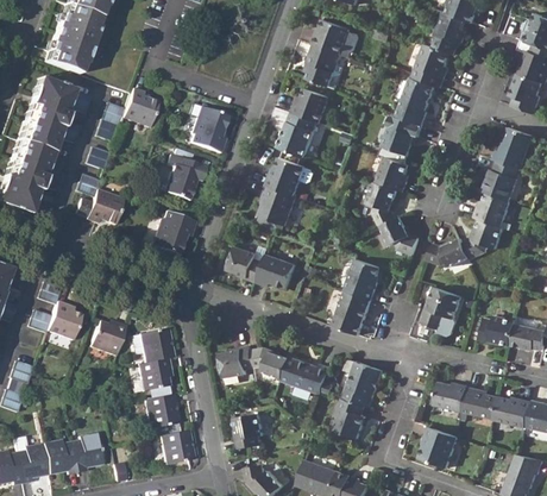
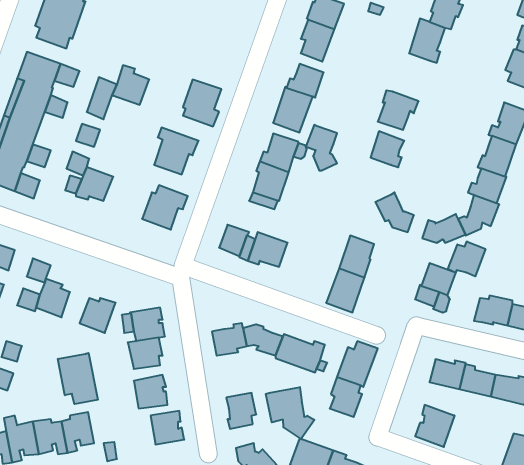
building: [397,76,434,125] -> none
building: [365,180,396,225] -> [306,125,337,170]
building: none -> [448,241,485,276]
building: none -> [58,353,98,404]
building: none -> [266,387,314,439]

